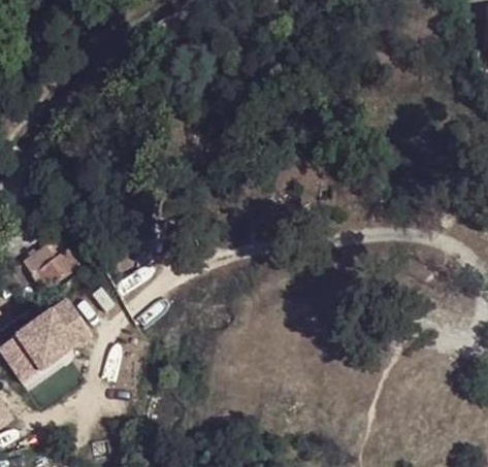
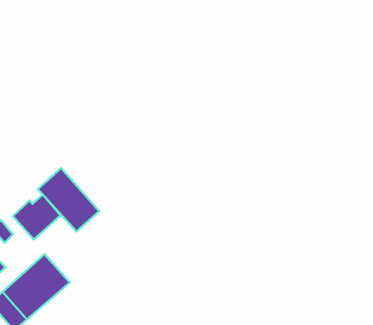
building: none -> [38,168,99,232]

